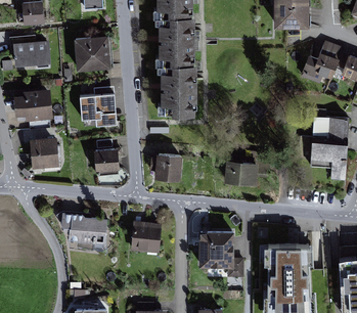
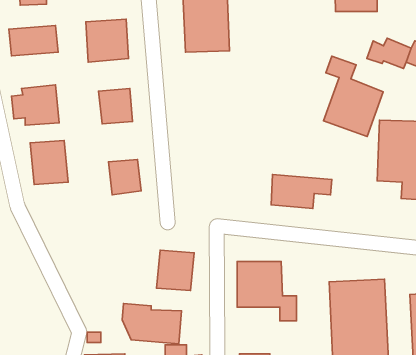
building: [155,62,192,116] -> none
building: none -> [324,56,383,137]
building: [153,155,182,183] -> none
building: [61,212,109,244] -> [122,303,181,344]

